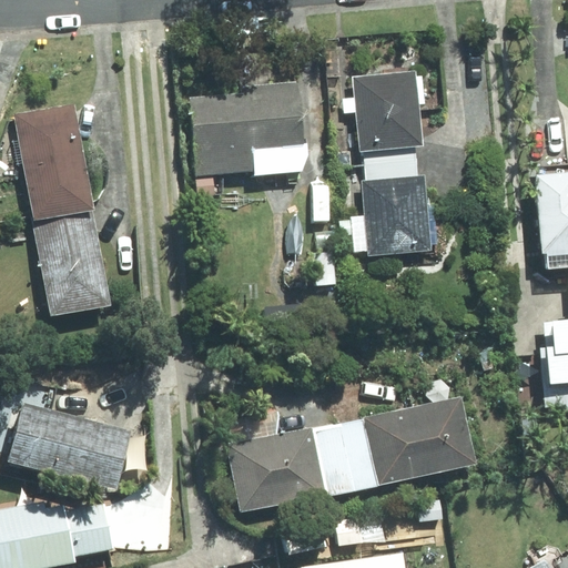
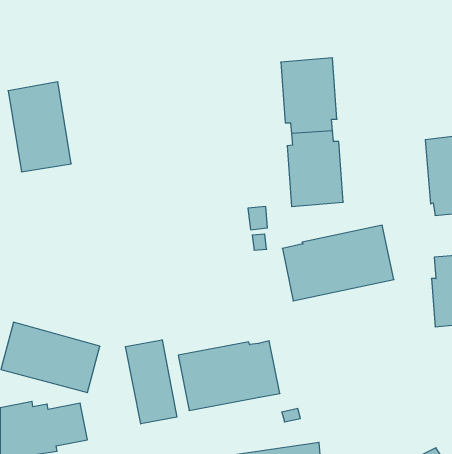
building: [190,83,303,176] -> none
building: [31,205,110,316] -> none
building: [339,397,478,491] -> [282,225,394,301]
building: none -> [125,340,177,424]

